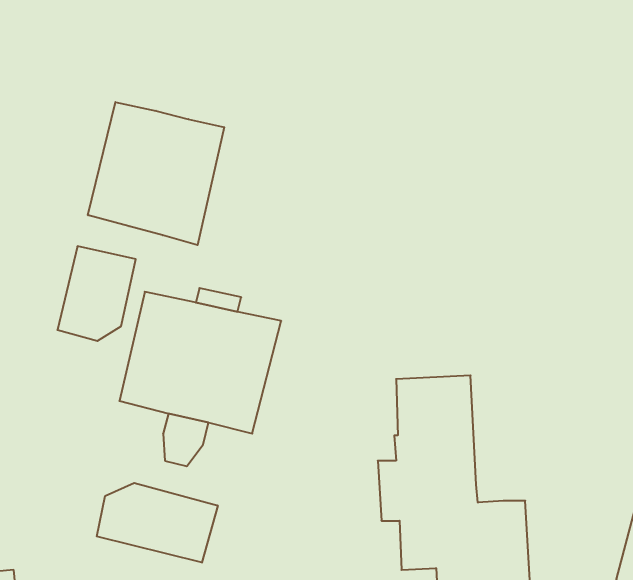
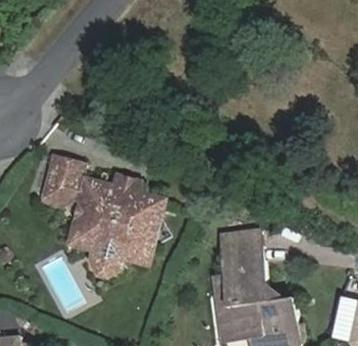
building: [88,102,224,245] -> none
building: [97,483,218,563] -> none

